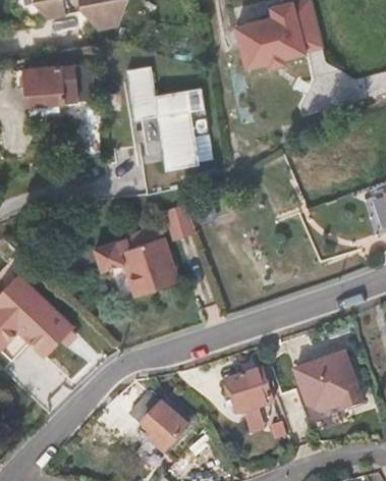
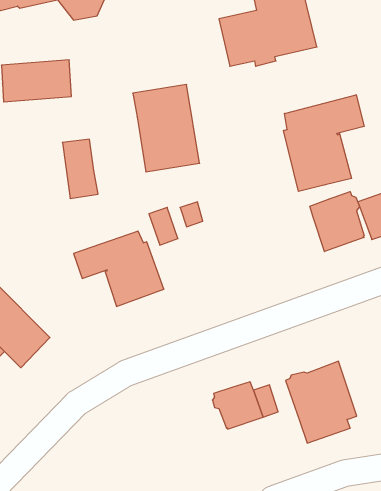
building: [120,66,154,122] -> [62,139,98,198]
building: none -> [284,95,364,191]
building: none -> [310,192,364,252]
building: [128,397,194,453] -> none

